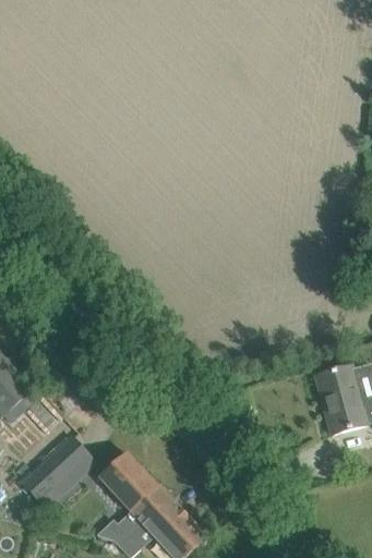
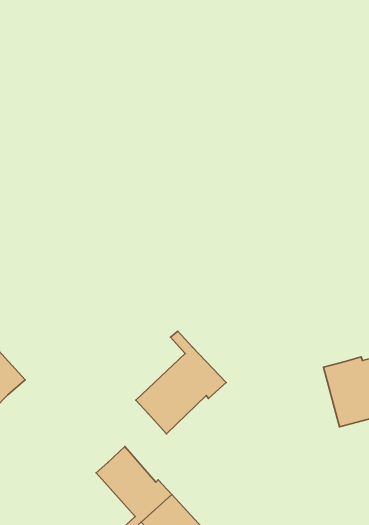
building: none -> [136,331,226,434]
building: [22,433,99,509] -> none

